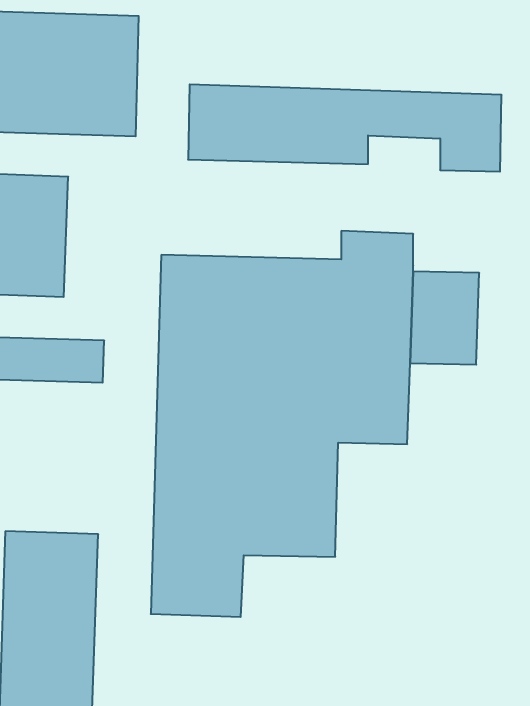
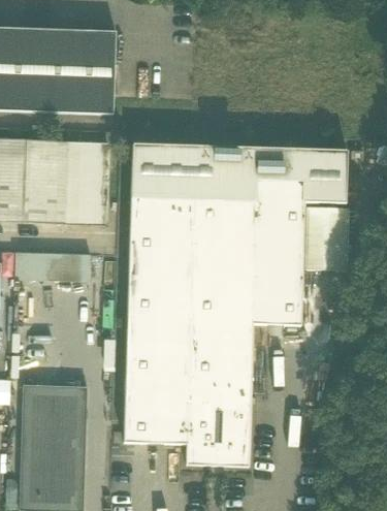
building: [188,84,502,172] -> [130,142,346,202]
building: none -> [63,140,107,224]
building: none -> [185,401,250,466]

